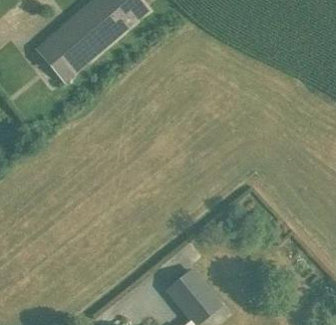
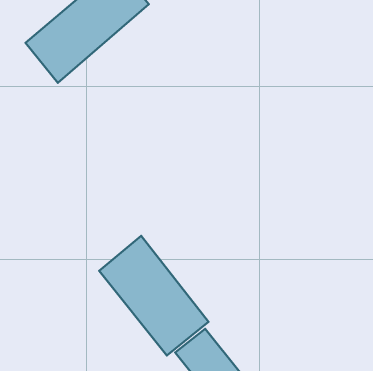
building: none -> [99,236,209,356]

